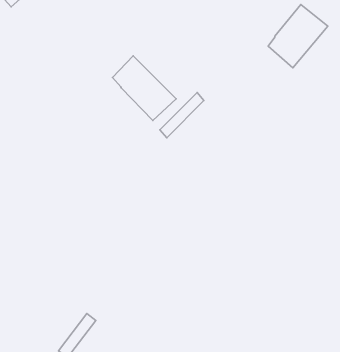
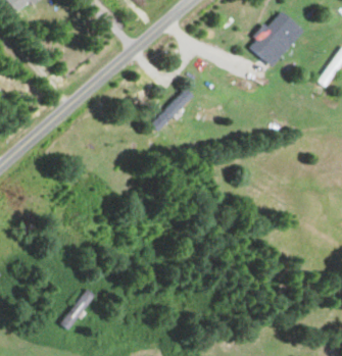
building: [112,56,176,120] -> none

